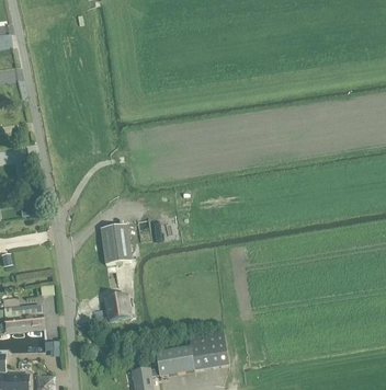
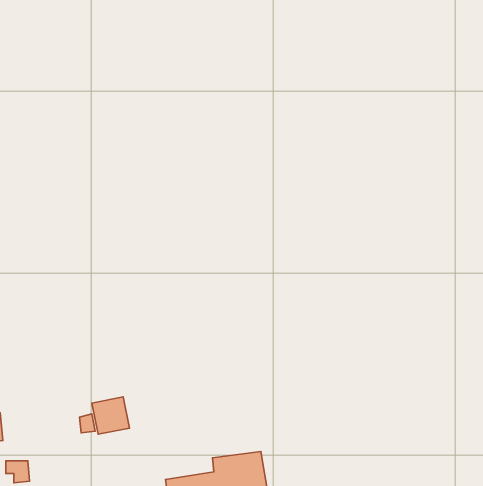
building: [100,225,130,264] -> none

